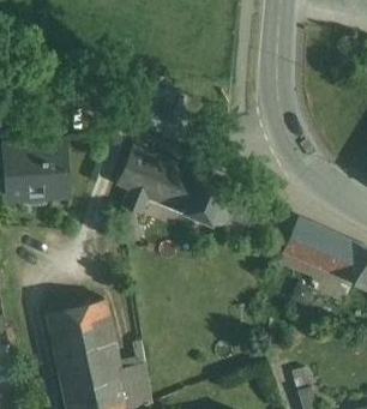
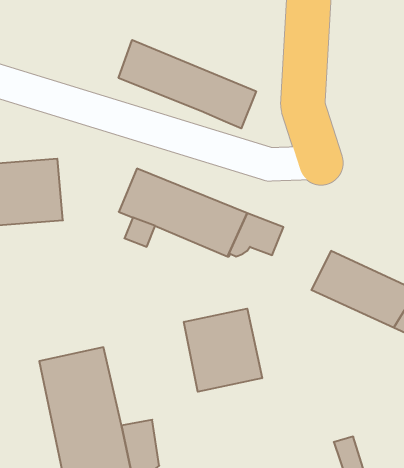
building: none -> [119,40,256,128]
building: none -> [184,309,262,392]

